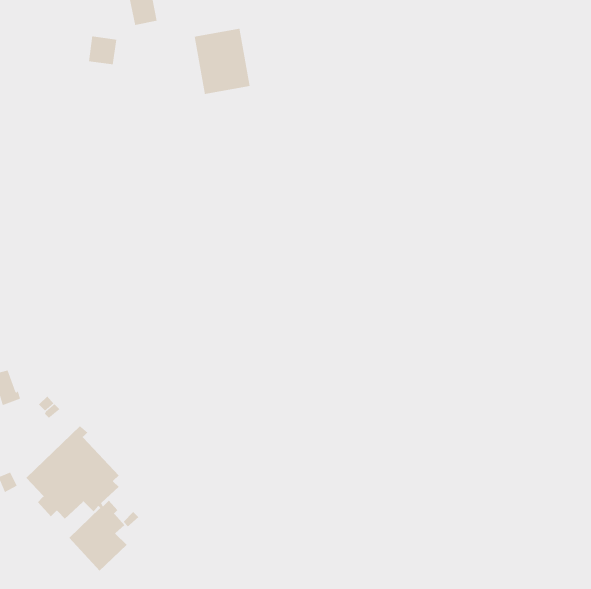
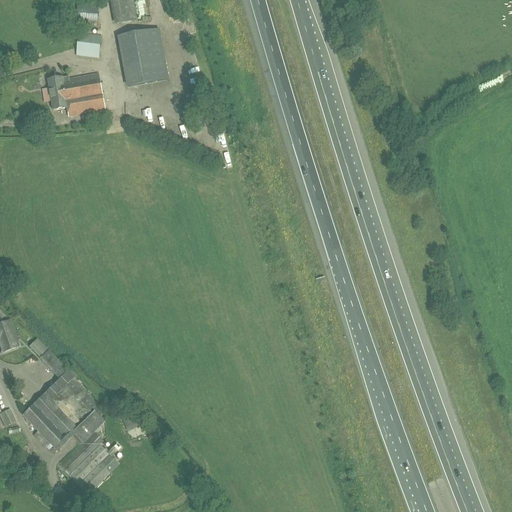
building: [194,28,251,94] -> [118,28,167,85]
building: none -> [47,72,105,114]

